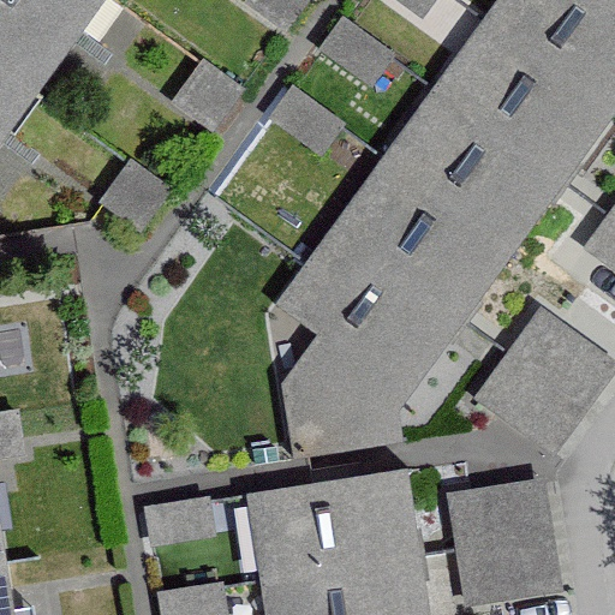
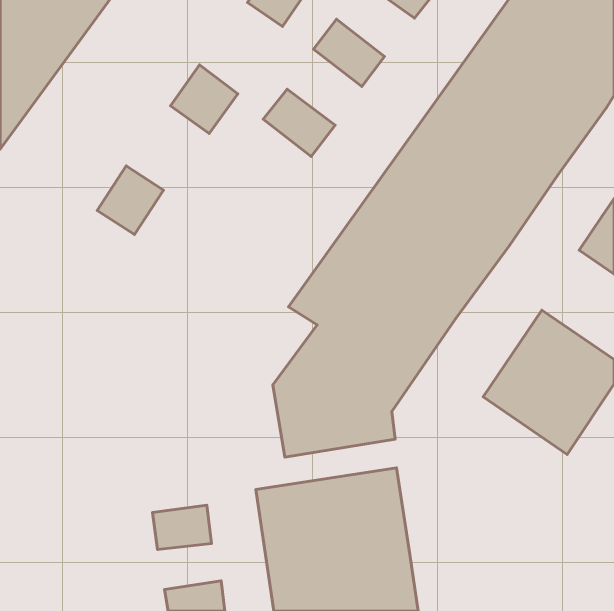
building: [460,484,561,598] -> none

